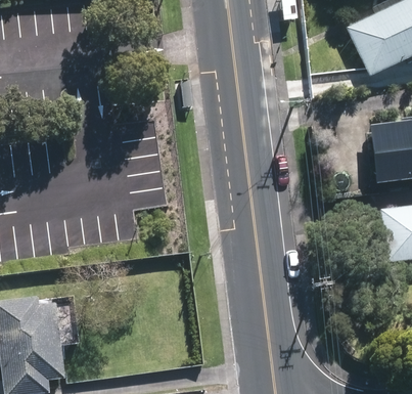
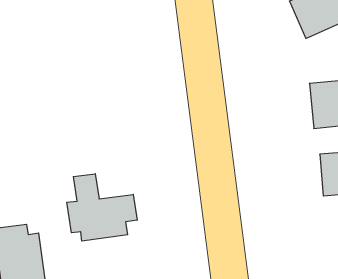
building: none -> [67,174,137,241]

